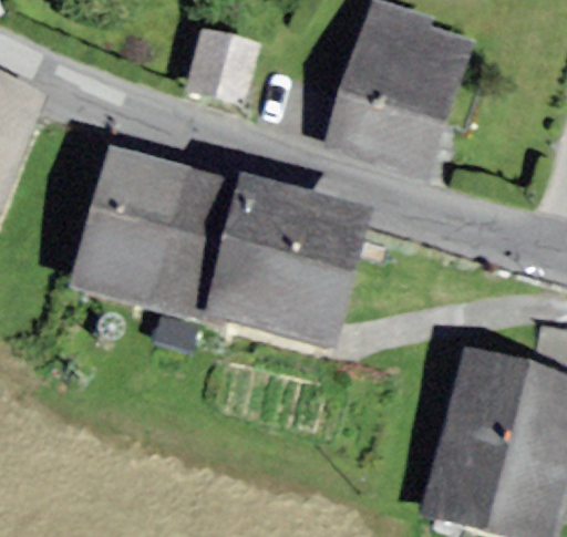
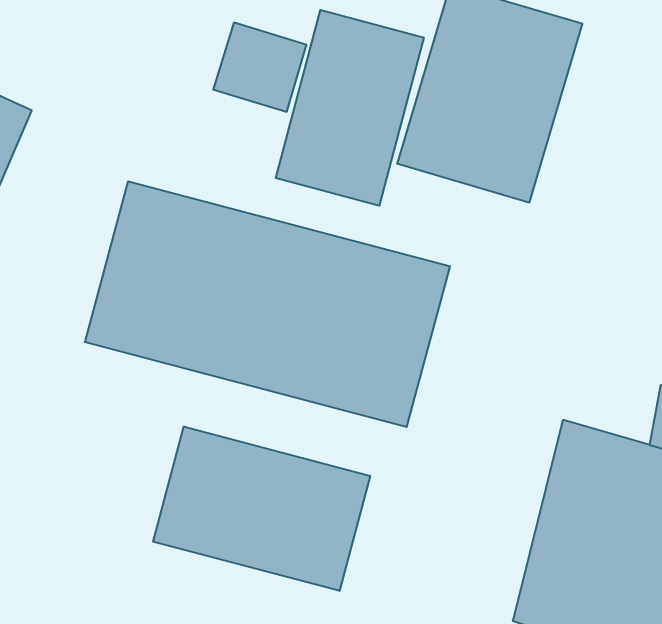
building: none -> [276,10,424,206]
building: none -> [153,426,370,591]

